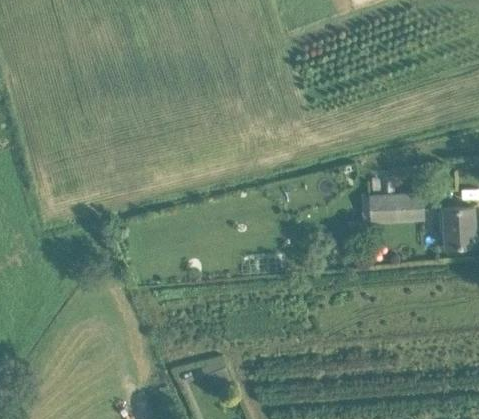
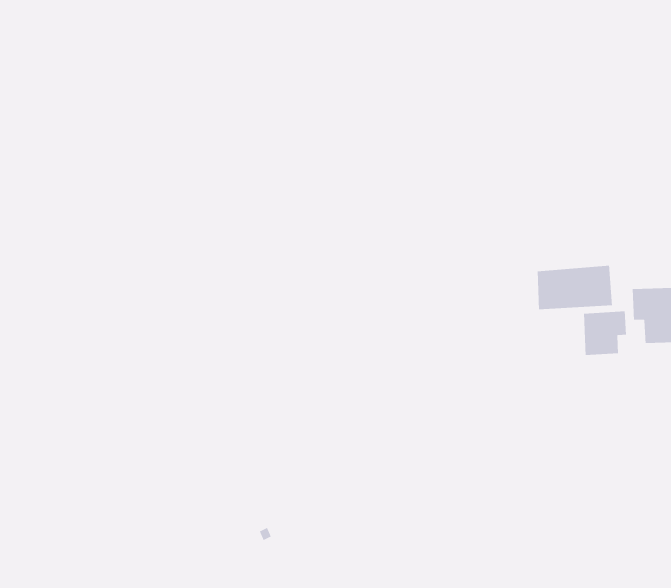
building: none -> [583,311,627,356]

